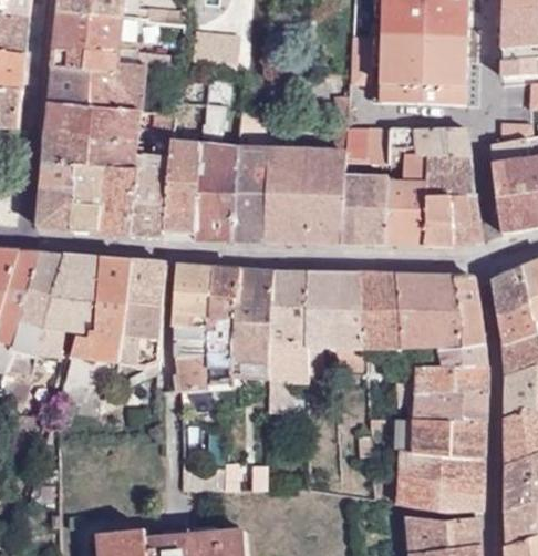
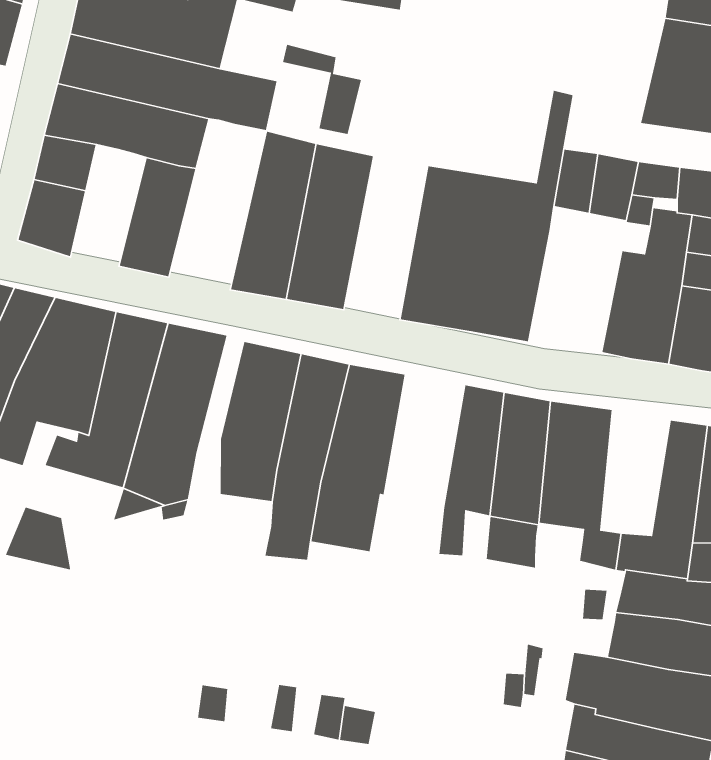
building: [127,140,172,236] -> none
building: [231,146,268,239] -> none
building: [69,163,104,231] -> none
building: [341,175,387,241] -> none
building: [266,270,308,409] -> none
building: [395,274,430,344] -> none
building: [175,356,207,389] -> none

